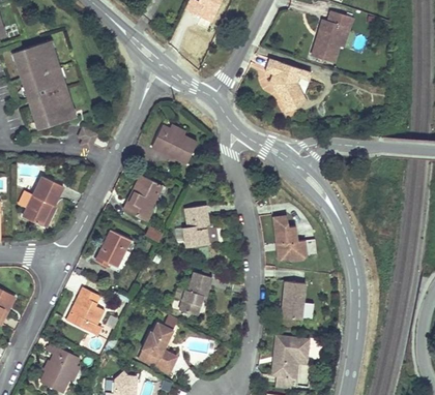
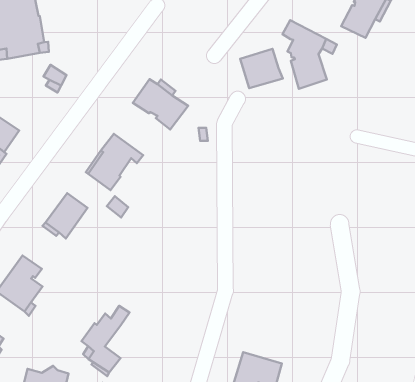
building: none -> [240,49,283,88]
building: [183,205,209,247] -> none
building: [273,215,307,261] -> none
building: [179,272,211,314] -> none
building: [282,280,304,318] -> none

